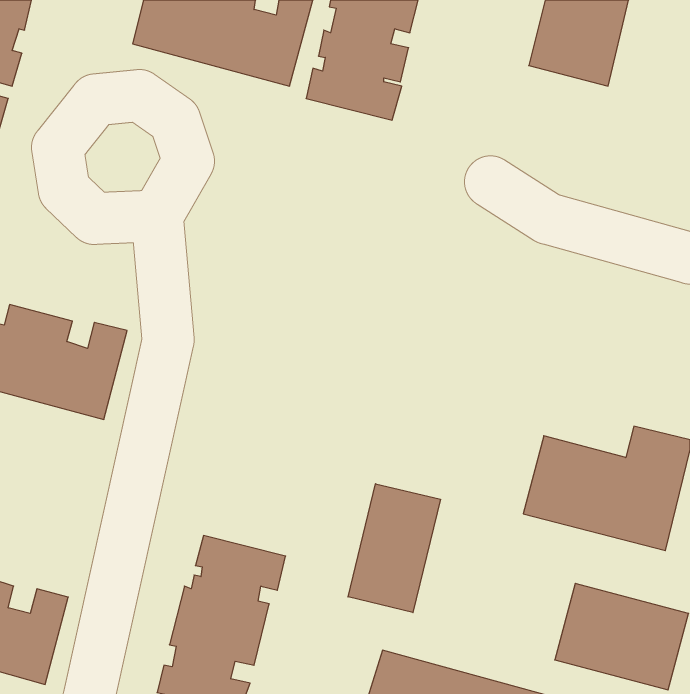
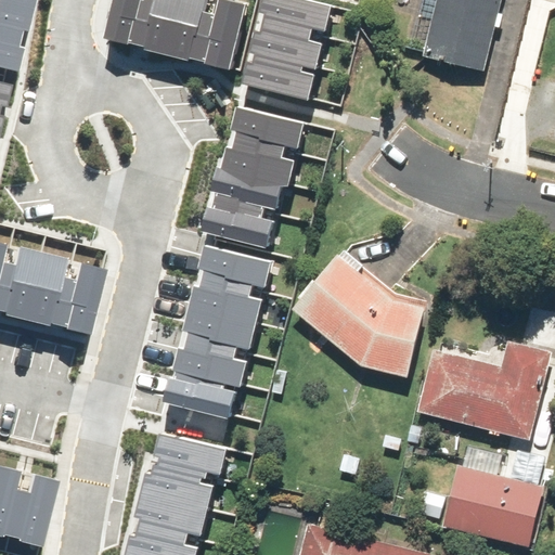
building: none -> [205,102,304,242]
building: none -> [164,241,272,414]
building: none -> [291,249,425,380]
building: [348,484,440,613] -> none

